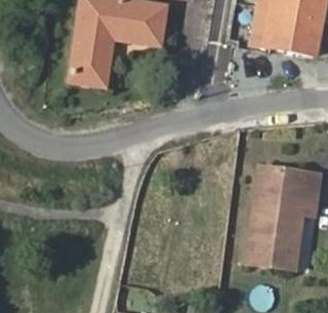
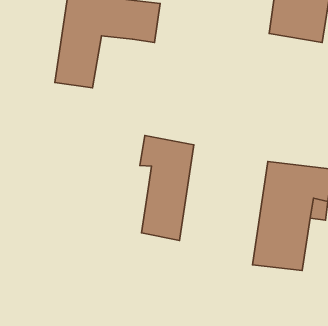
building: none -> [140,136,194,241]

